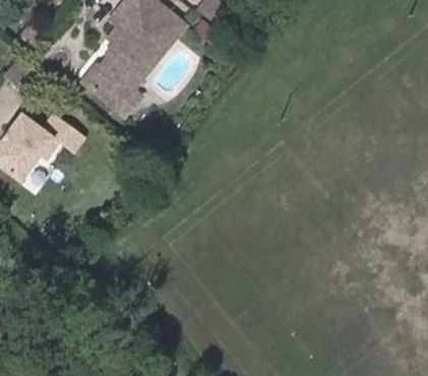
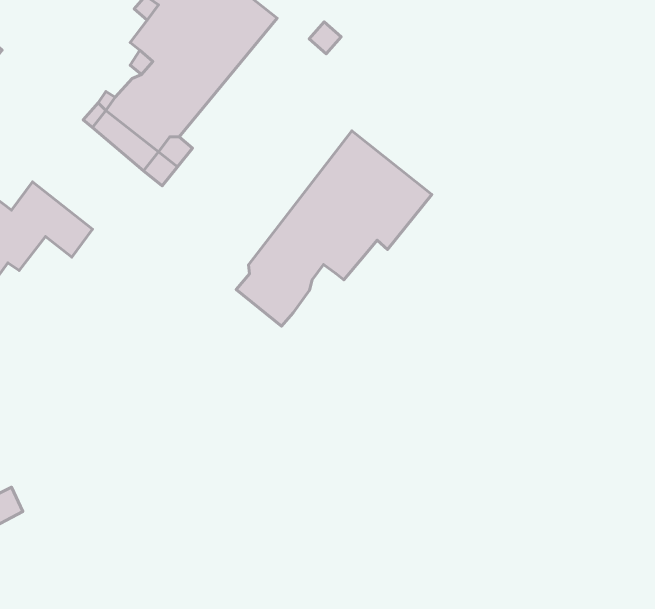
building: none -> [236,131,432,326]

